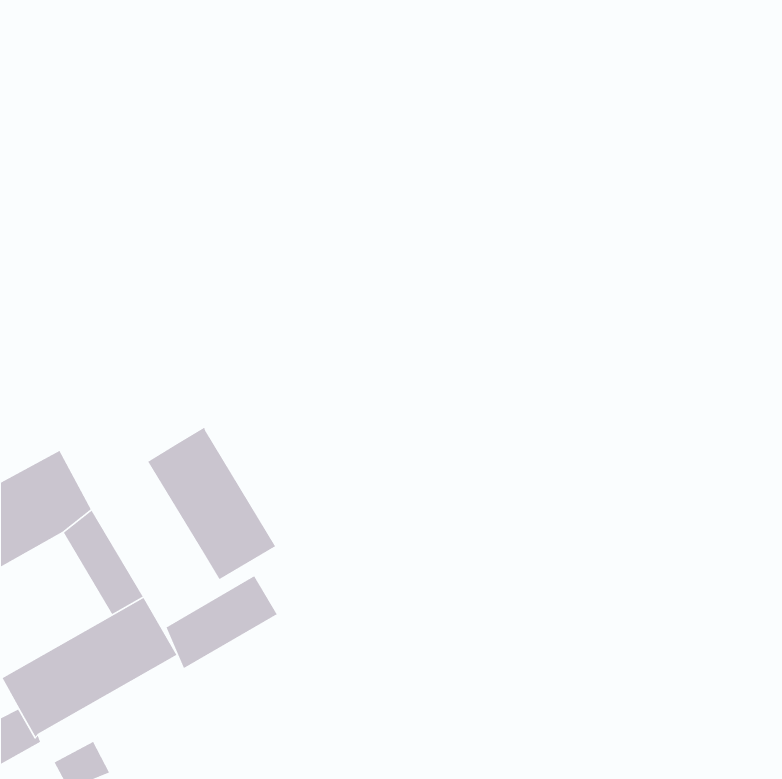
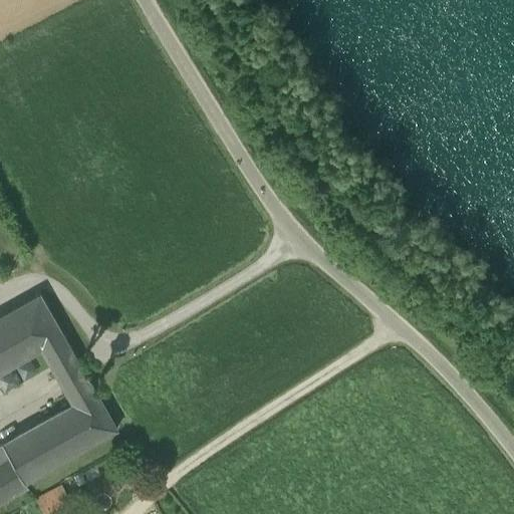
building: [147,426,276,580] -> none
building: [165,575,278,669] -> none

